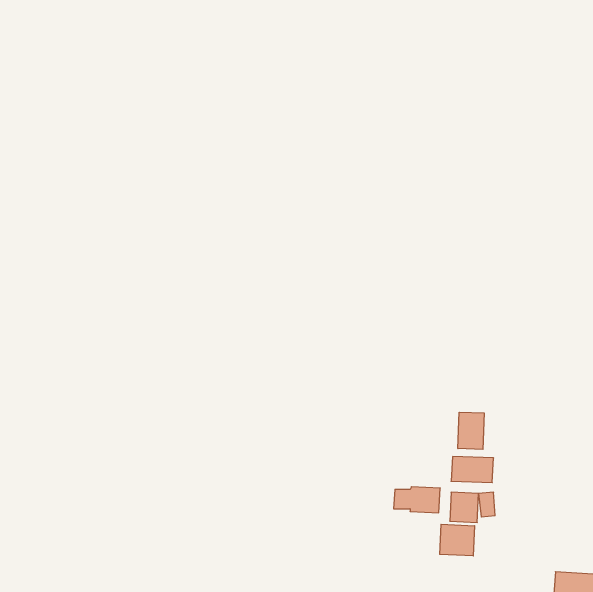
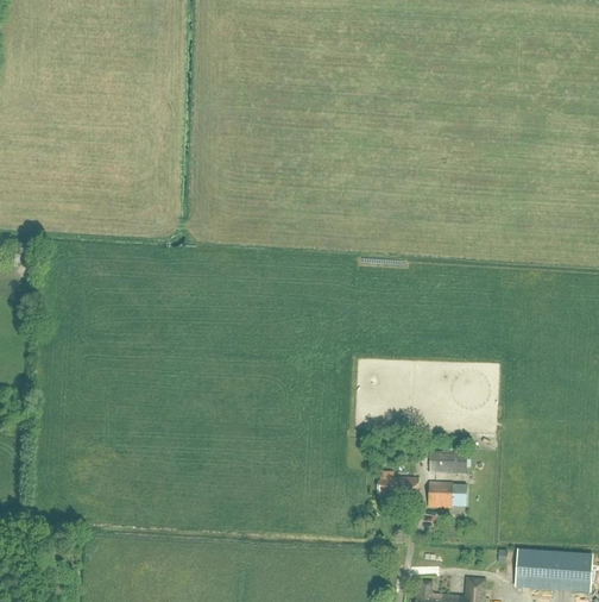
building: [458,412,484,449] -> none
building: [440,524,475,556] -> none

